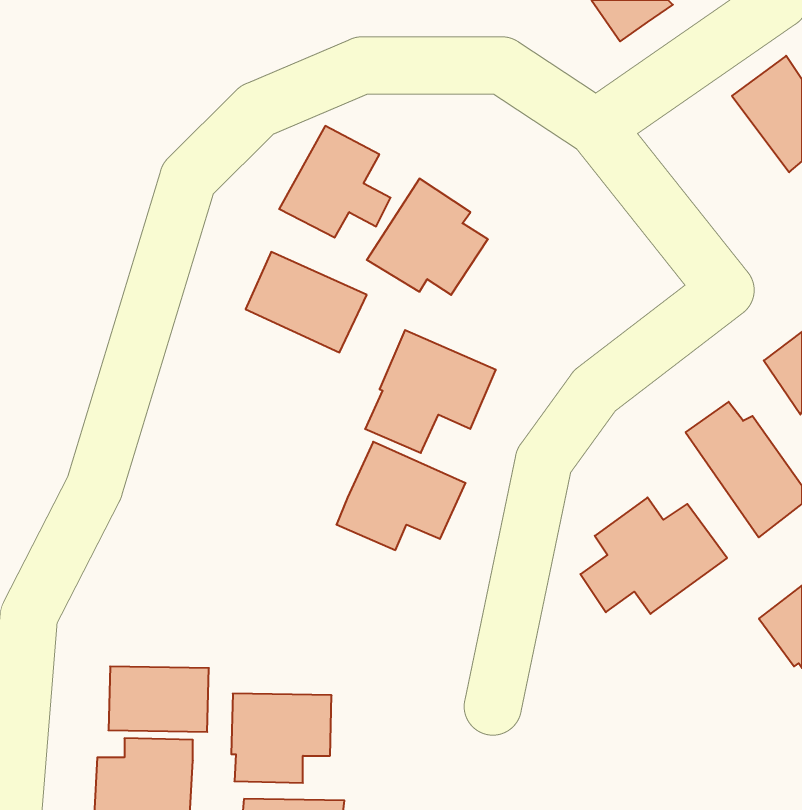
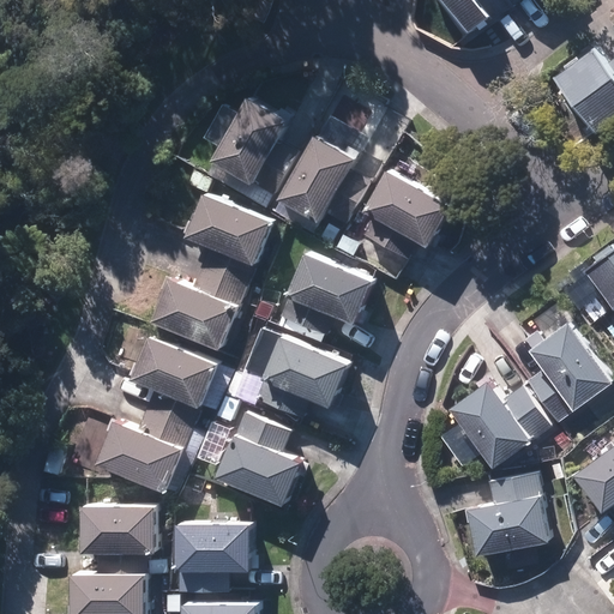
building: none -> [361,171,451,259]
building: none -> [150,255,249,354]
building: none -> [131,335,229,415]
building: none -> [95,398,197,496]
building: none -> [213,414,297,505]
building: none -> [463,471,547,553]

